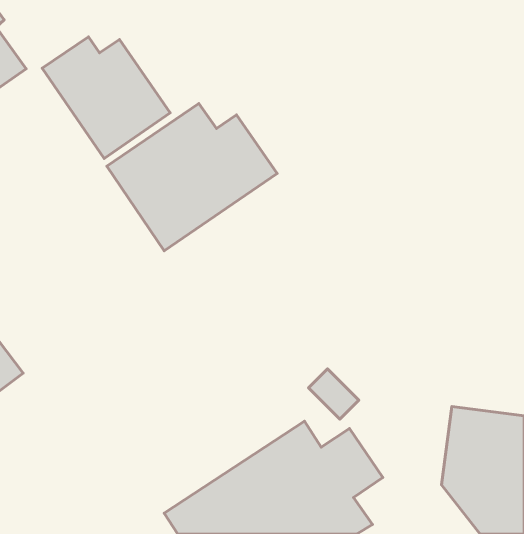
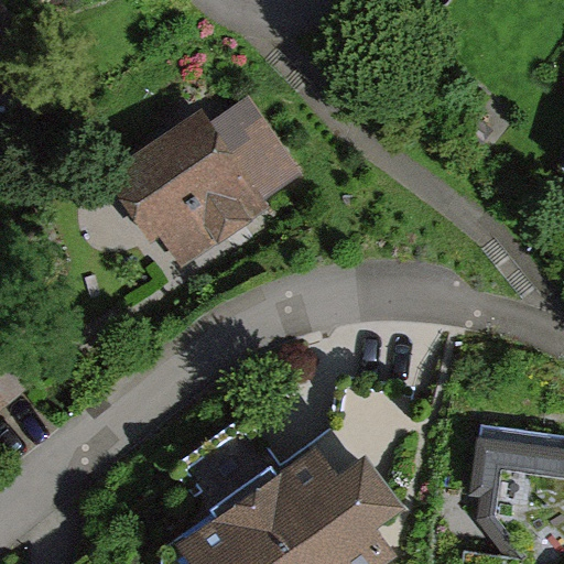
building: [42,37,170,158] -> none

